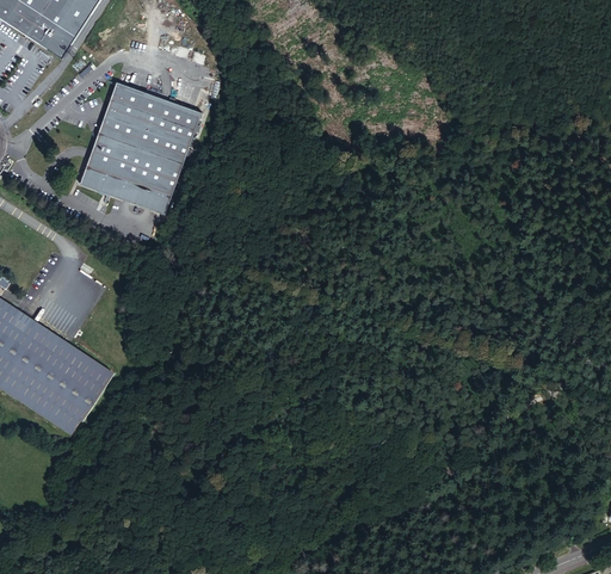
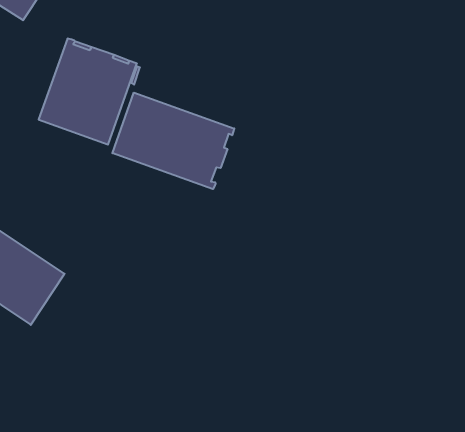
building: none -> [112,93,234,189]

